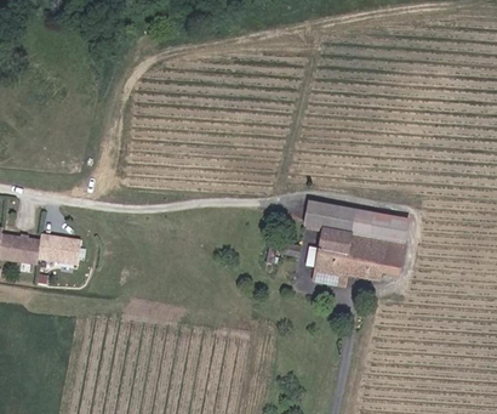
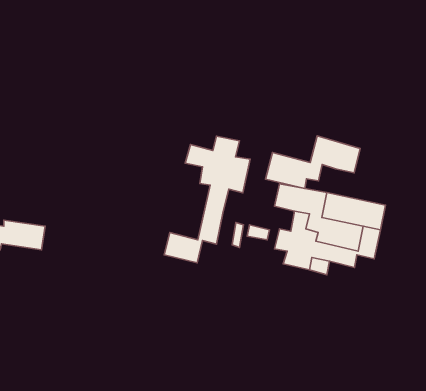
building: none -> [265,136,360,188]
building: none -> [164,136,250,263]

